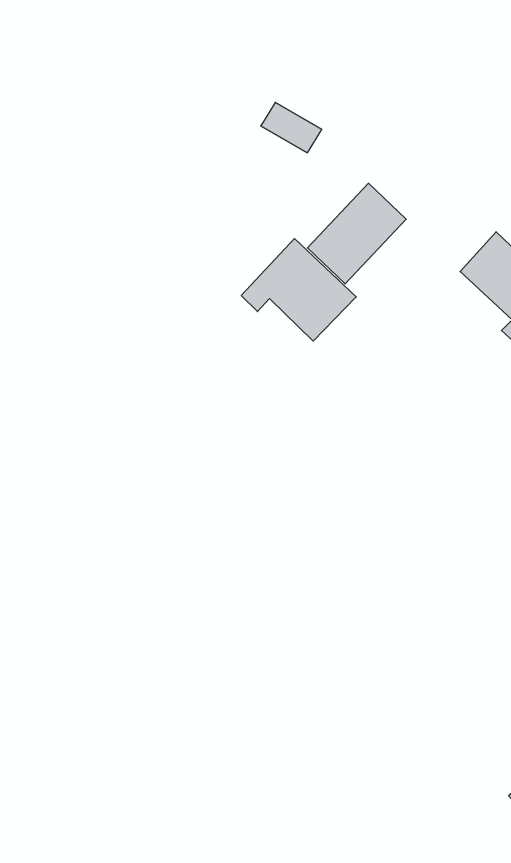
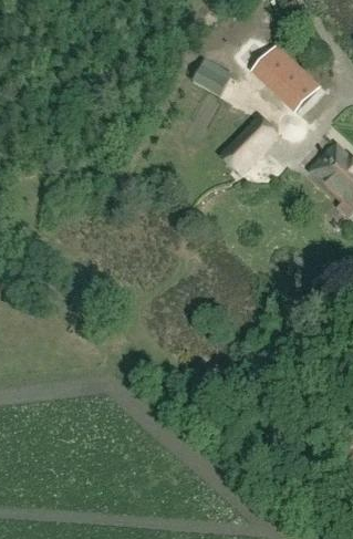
building: none -> [256,48,315,107]
building: [241,239,356,341] -> none

